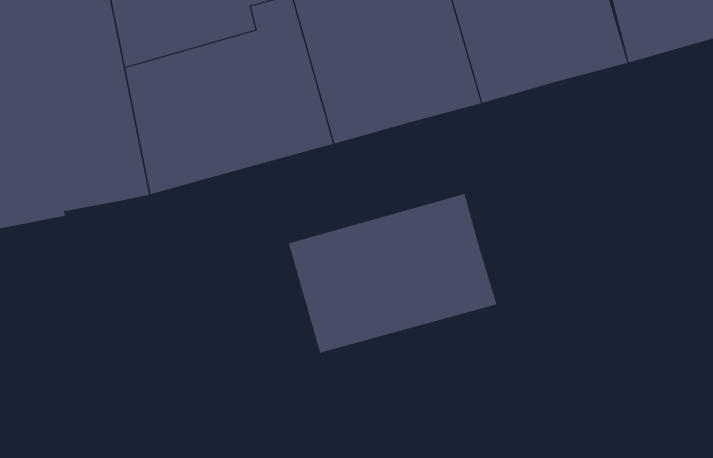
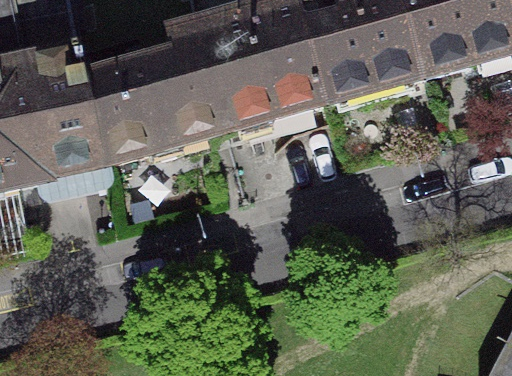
building: [288,193,497,354] -> none

